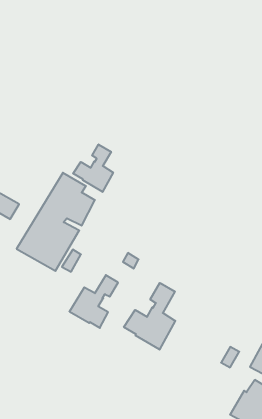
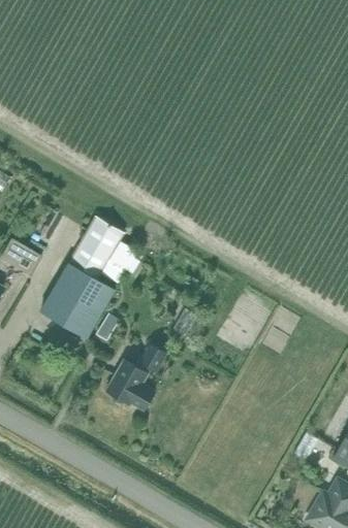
building: [73,144,113,192] -> none
building: [124,283,175,350] -> none

